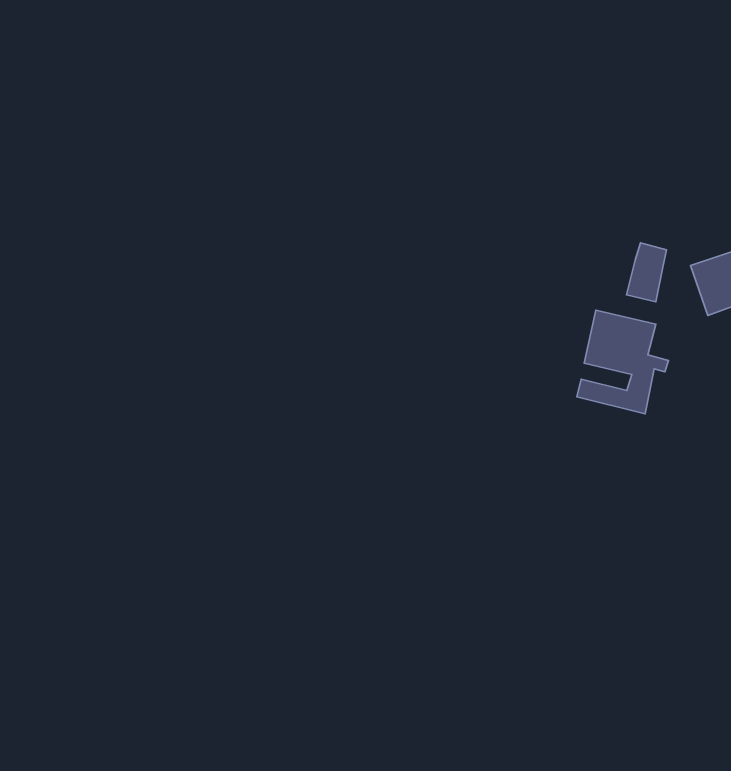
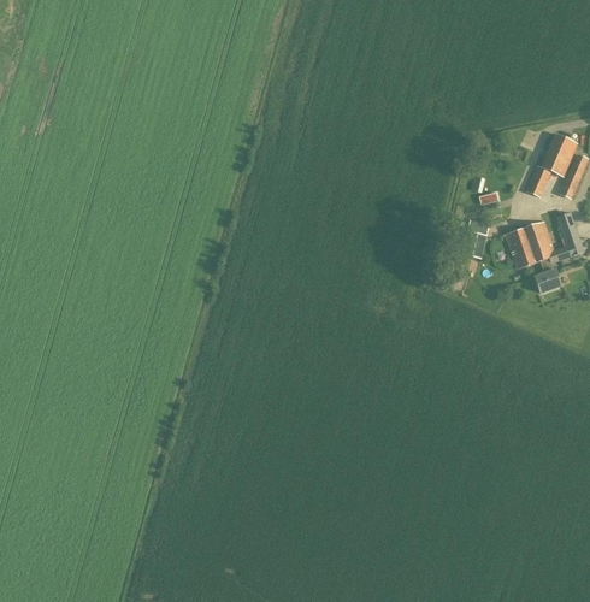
building: [577,310,669,414] -> none

